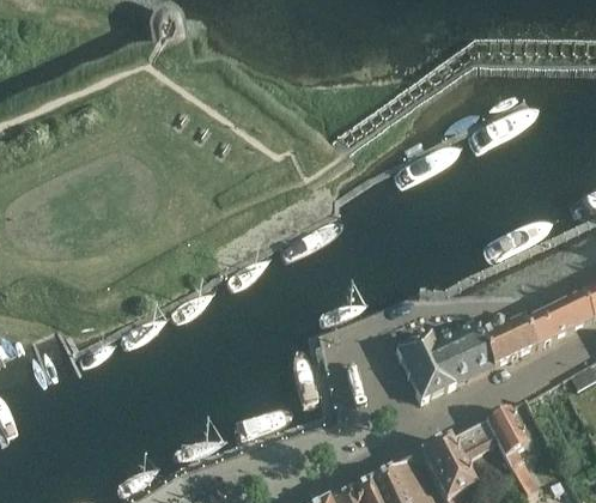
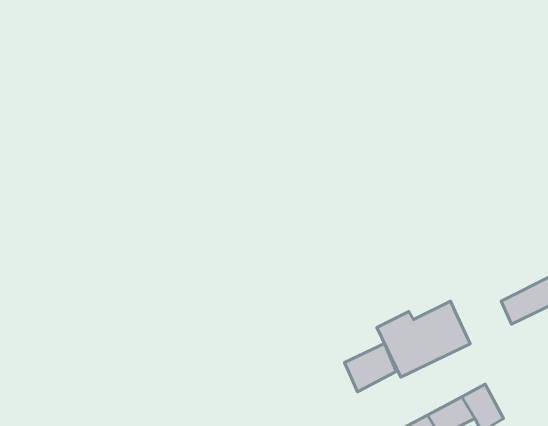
building: [478,316,536,364] -> none
building: none -> [344,343,396,392]

